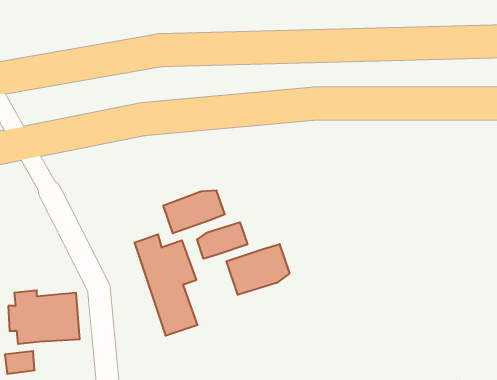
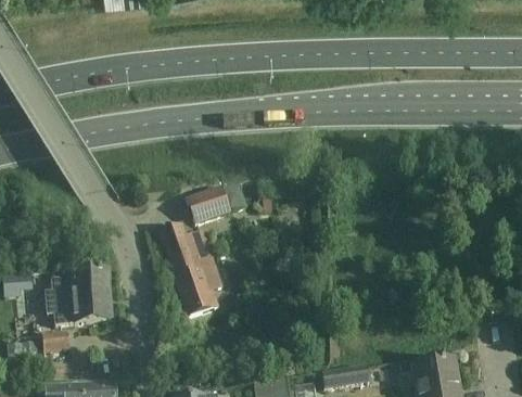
building: [197,222,247,259] -> none
building: [226,244,289,295] -> none

